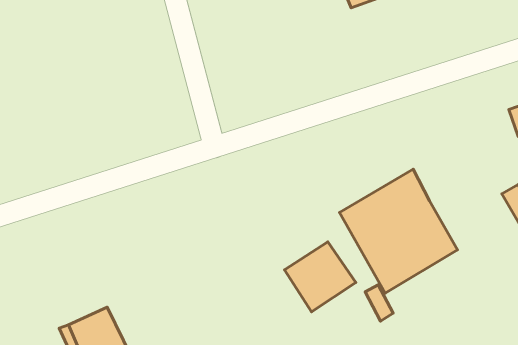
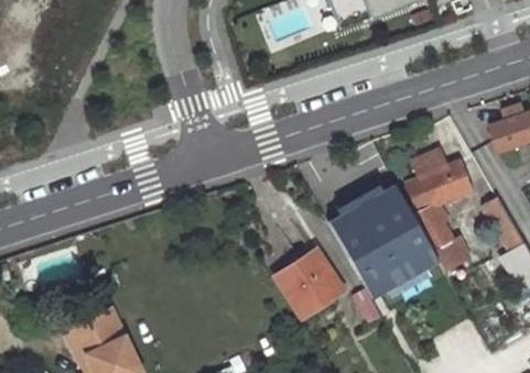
building: none -> [408,150,474,266]

